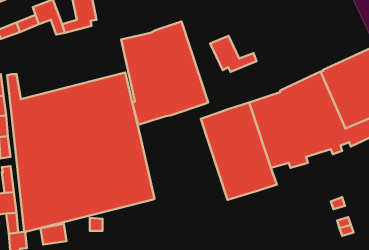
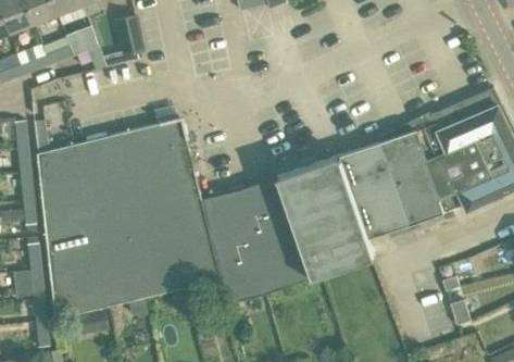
building: [121,22,208,125] -> [201,176,311,307]
building: [210,36,256,72] -> none

